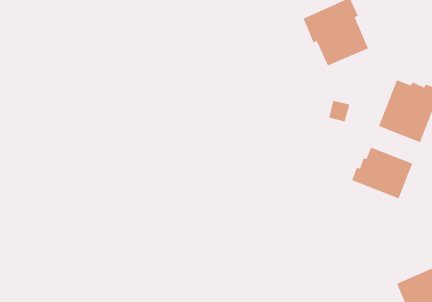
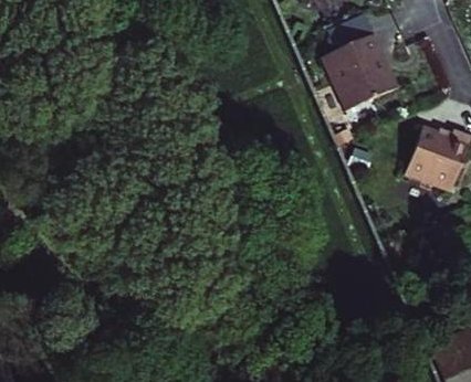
building: [351,147,413,199] -> none

